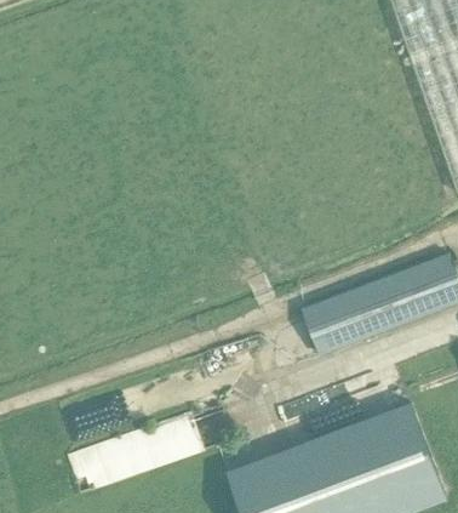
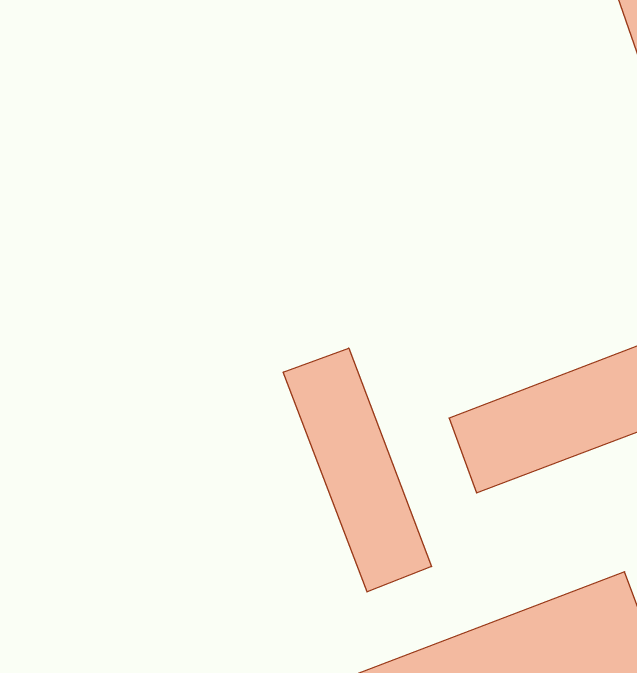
building: none -> [283,348,432,592]

